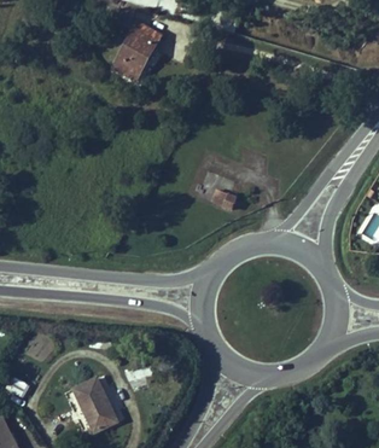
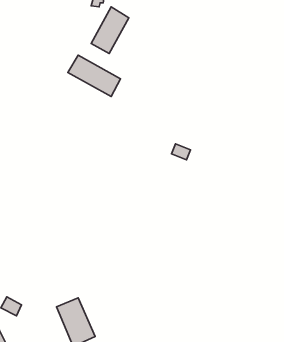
building: none -> [68,55,121,96]

